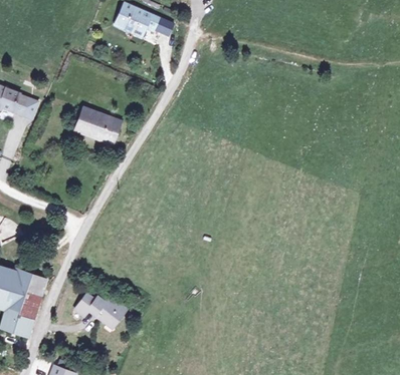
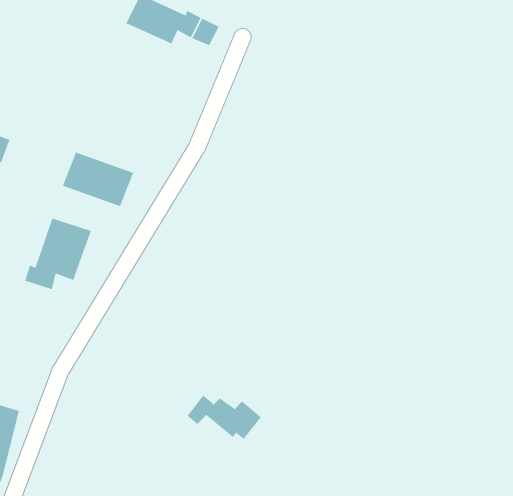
building: none -> [24,217,92,290]
building: [75,292,126,322] -> [187,395,262,440]

